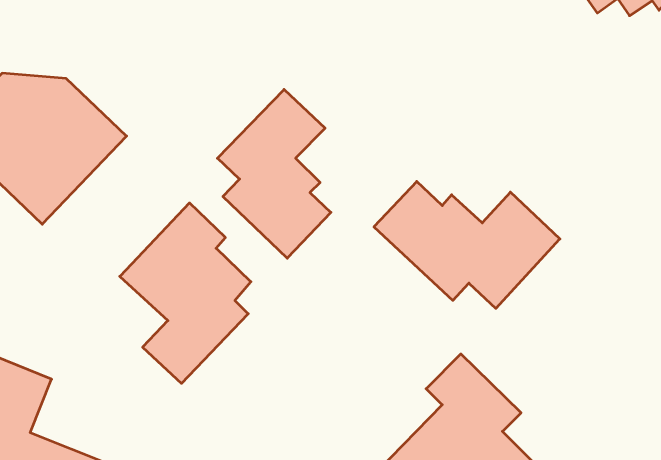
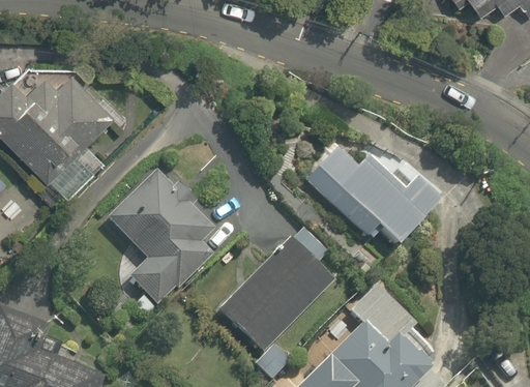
building: [217,89,331,258] -> none
building: none -> [219,238,334,356]

